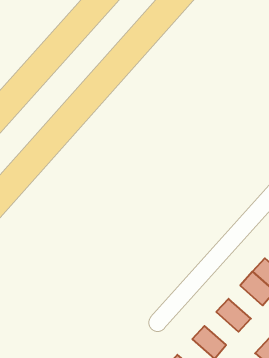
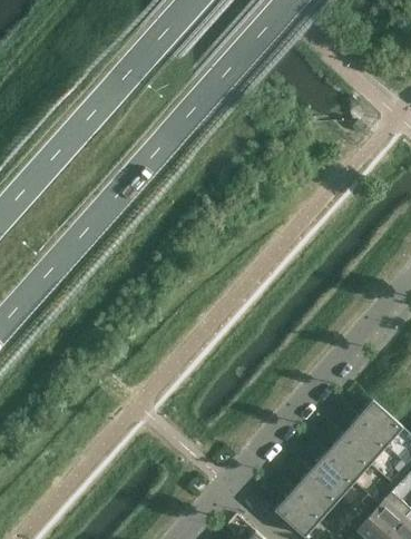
building: none -> [323,438,369,482]
building: none -> [291,473,336,518]

